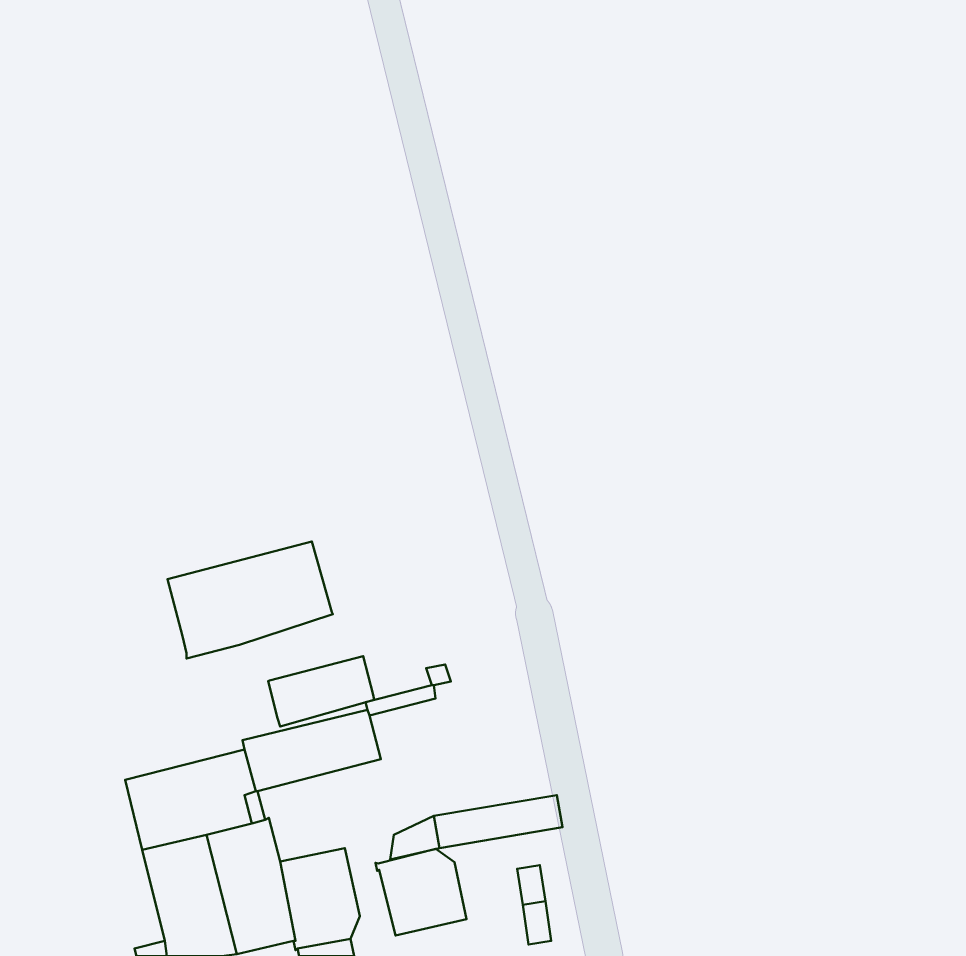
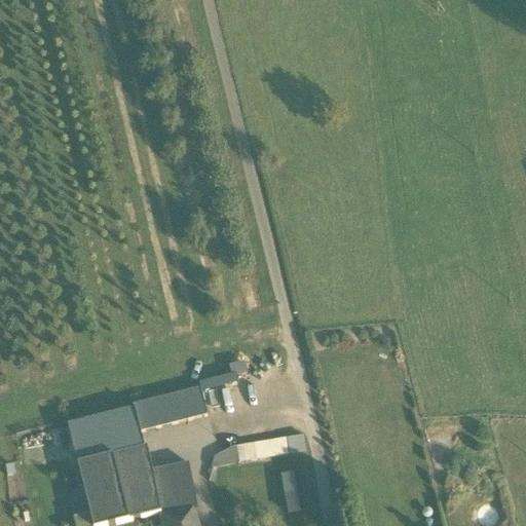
building: [167,542,333,658] -> none
building: [268,656,374,726] -> none
building: [375,849,466,935] -> none

